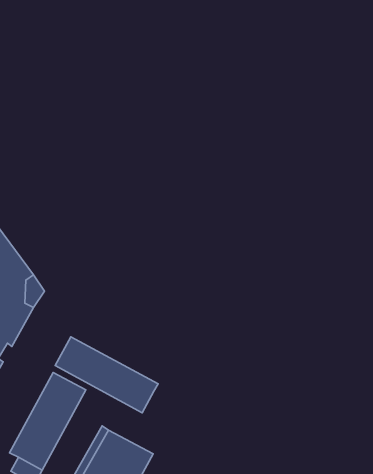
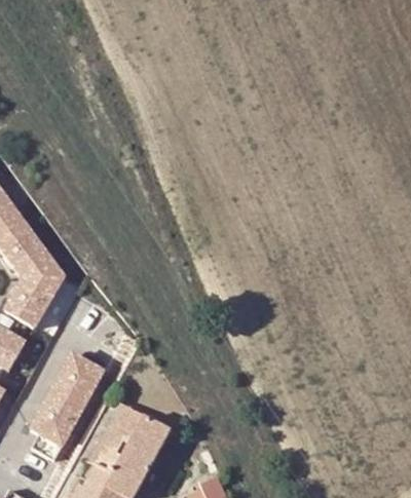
building: [55,337,158,413] -> none

